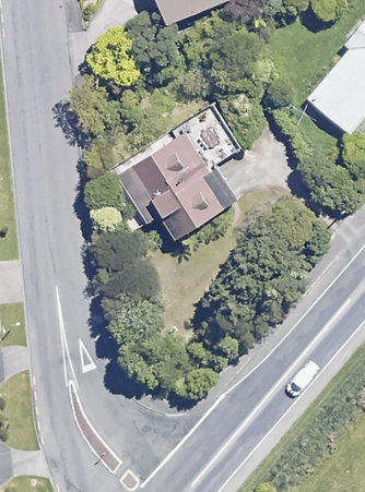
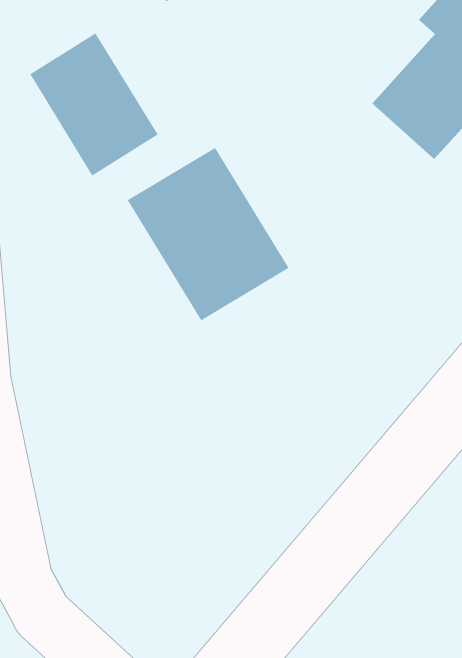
building: none -> [29,32,158,177]

